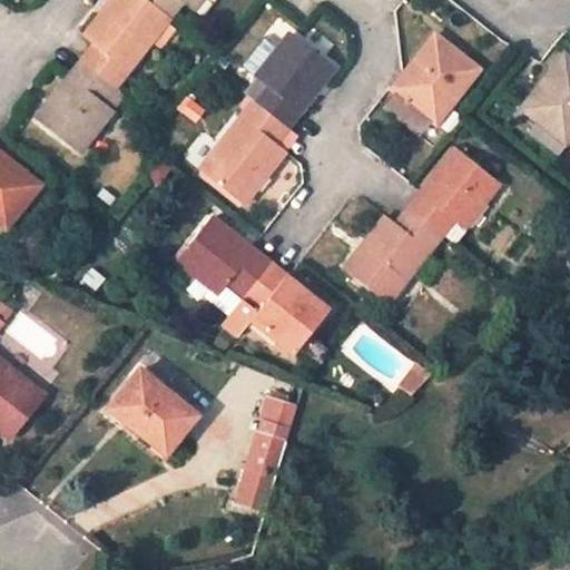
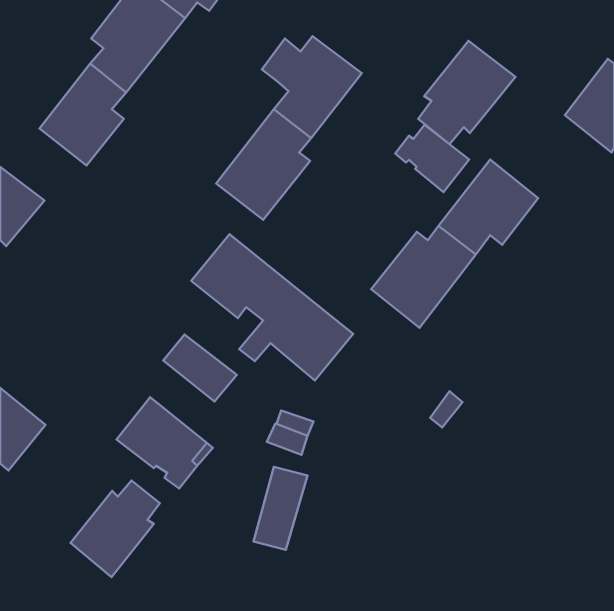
building: none -> [395,125,469,192]
building: none -> [163,334,237,402]
building: none -> [70,481,160,577]

